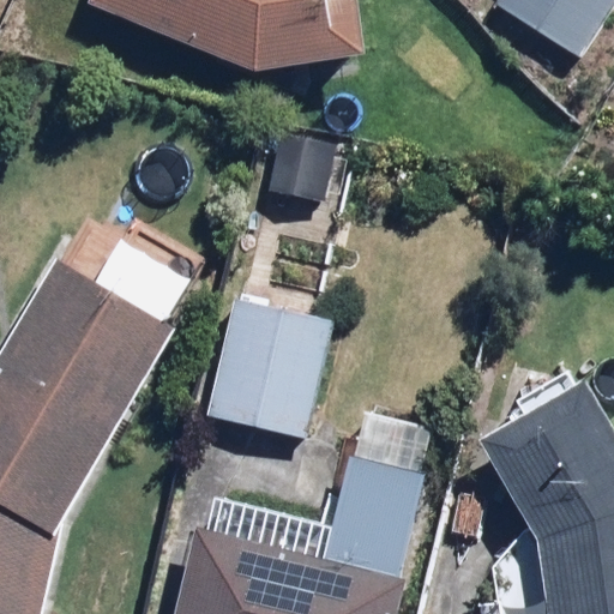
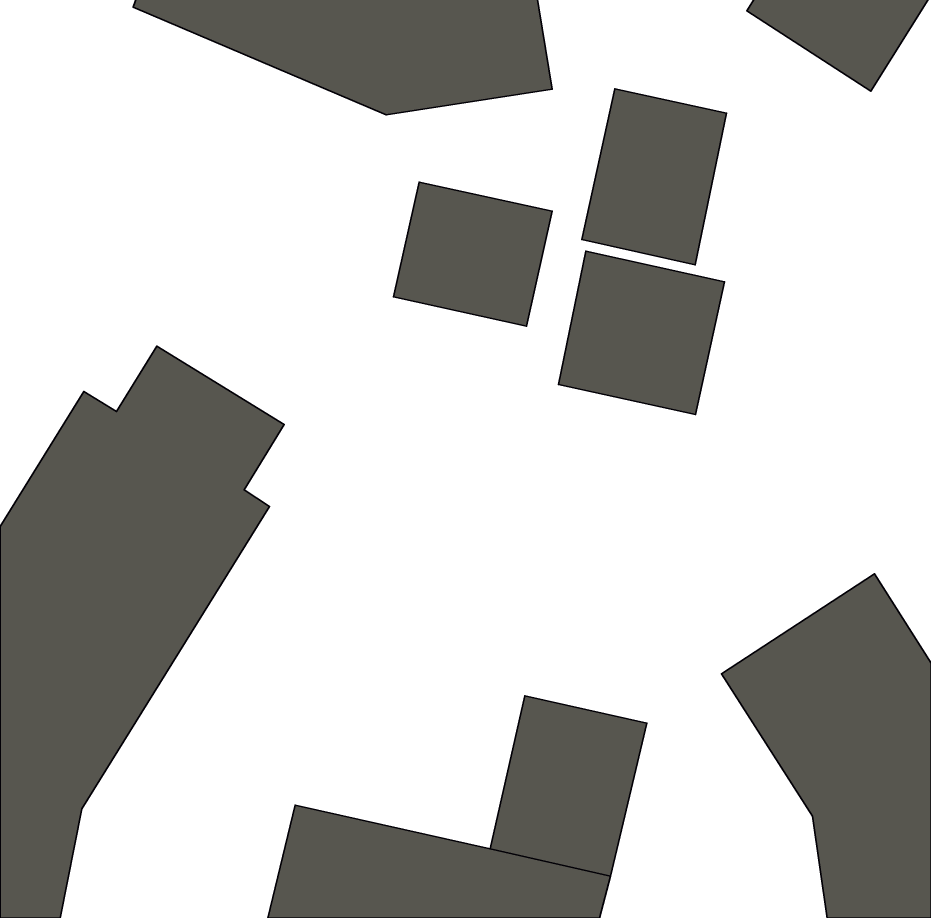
building: none -> [582,89,727,265]
building: none -> [559,251,725,415]
building: [206,290,330,433] -> none

